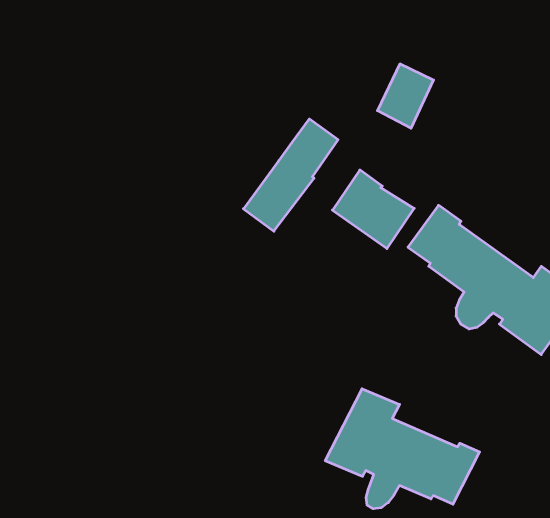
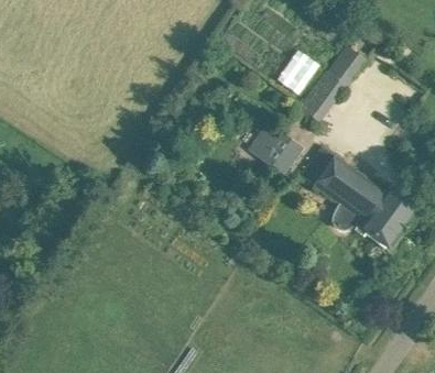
building: [243,119,338,231] -> [300,45,365,122]
building: [325,389,480,509] -> none

